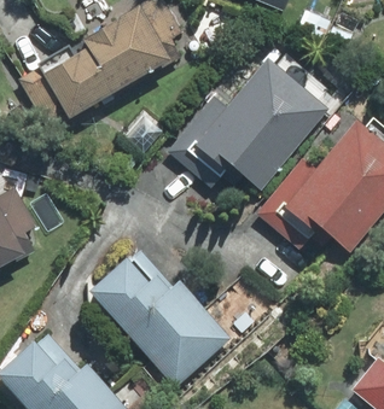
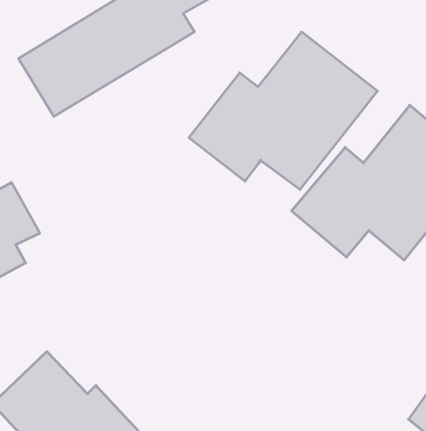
building: [89,247,233,388] -> none

